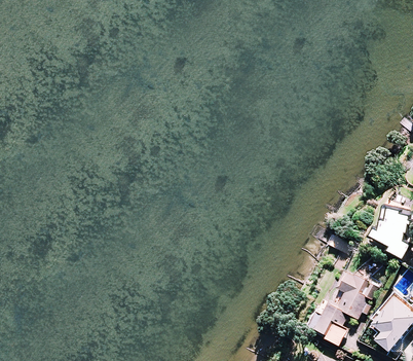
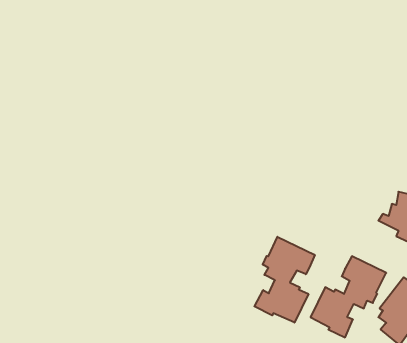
building: none -> [254,237,315,323]

